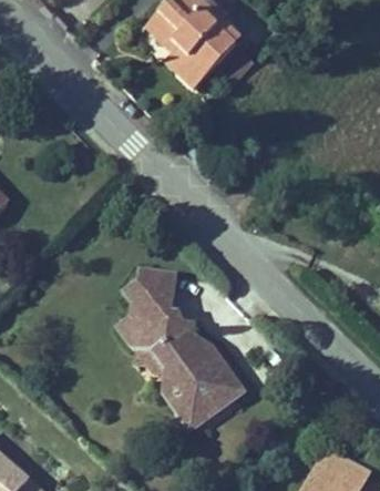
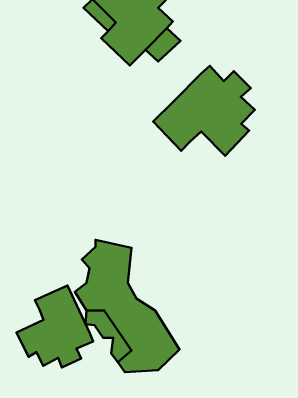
building: none -> [153,66,255,156]
building: none -> [16,286,93,368]

